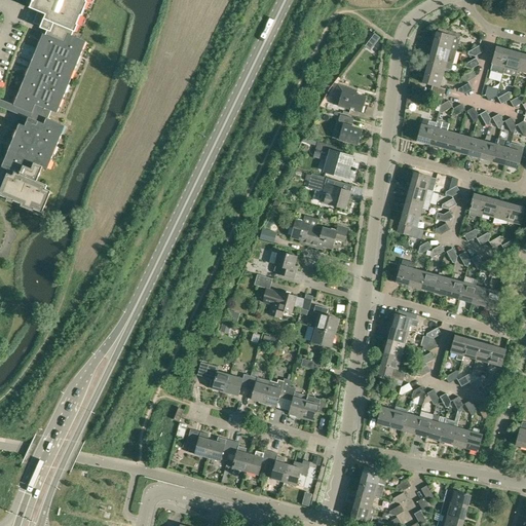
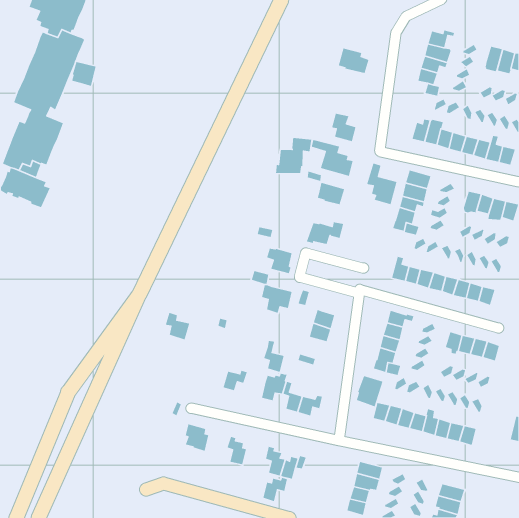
building: none -> [71,61,97,87]
building: [332,84,364,111] -> [338,47,369,74]
building: none -> [275,137,312,174]
building: none -> [366,163,398,205]
building: [290,214,318,245] -> none
building: [204,364,230,392] -> [165,312,190,340]
building: [247,370,268,403] -> [263,340,284,373]
building: none -> [356,375,383,407]
building: [208,437,233,460] -> none
building: [246,449,271,475] -> [262,477,288,502]

